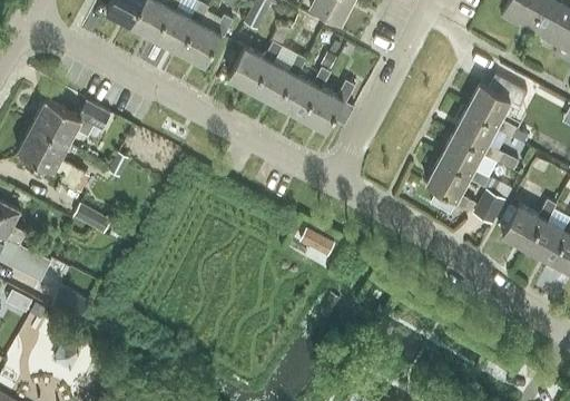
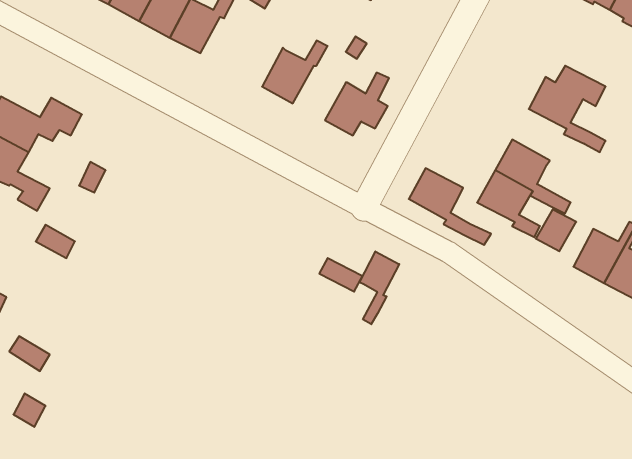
building: [228,42,282,92] -> none
building: [278,68,331,119] -> none
building: [453,110,519,172] -> [409,168,491,245]
building: none -> [359,251,399,324]

